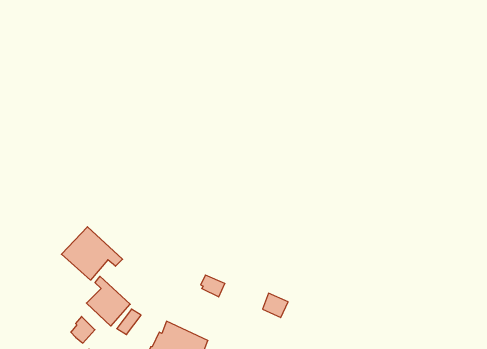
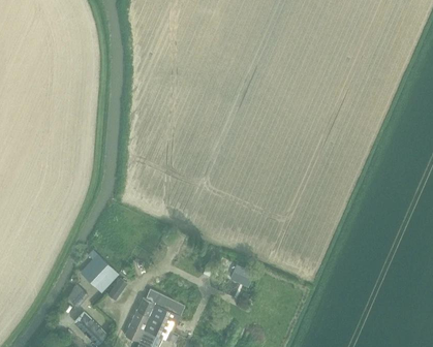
building: [61,227,123,280] -> none

